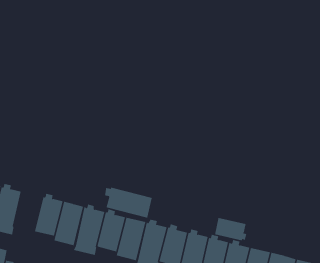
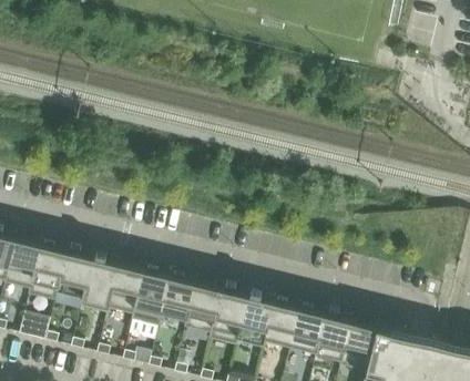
building: [104,187,153,219] -> none
building: none -> [58,248,94,302]
building: [215,217,247,241] -> none

